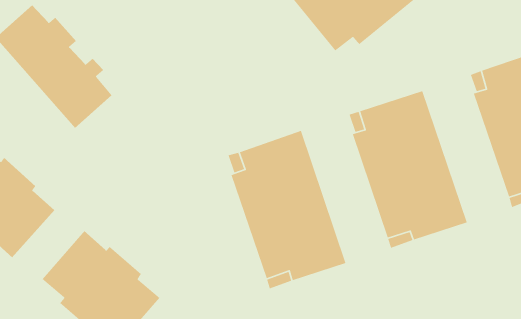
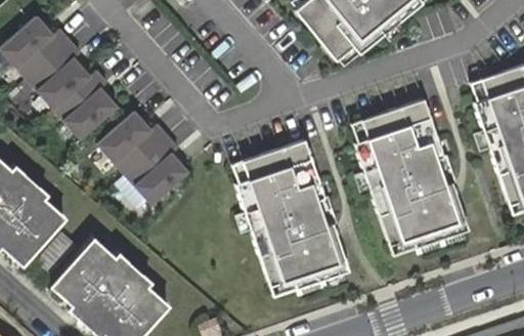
building: none -> [99,110,189,203]

